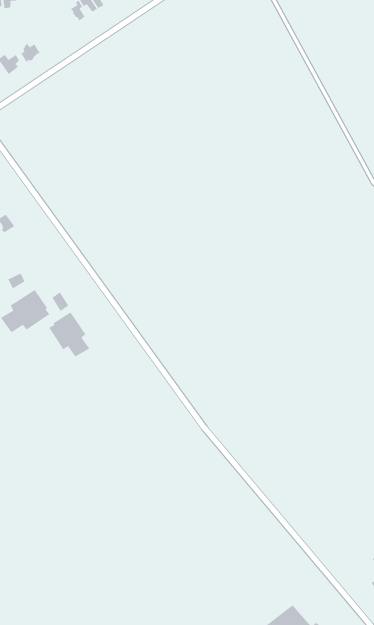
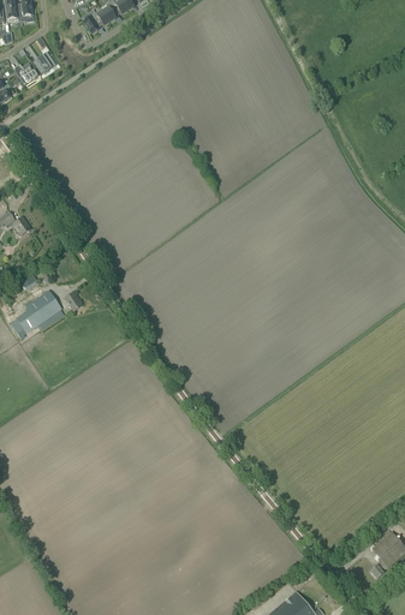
building: [49,311,90,358] -> none

